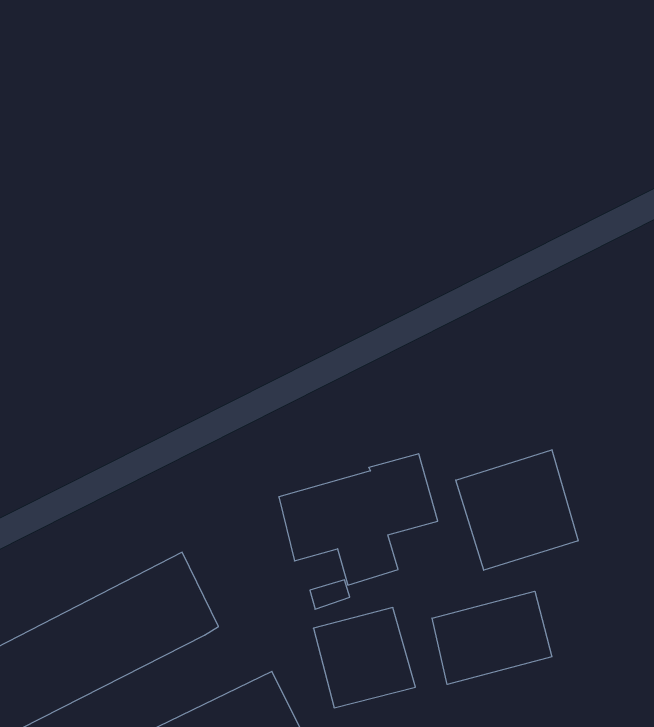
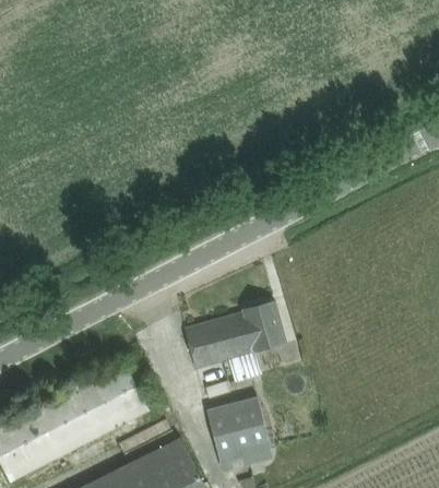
building: [456,450,578,570] -> none
building: [432,591,552,684] -> none

